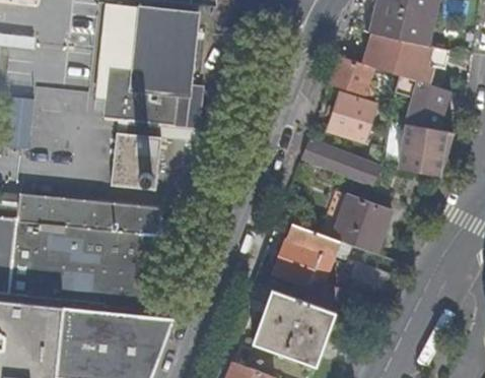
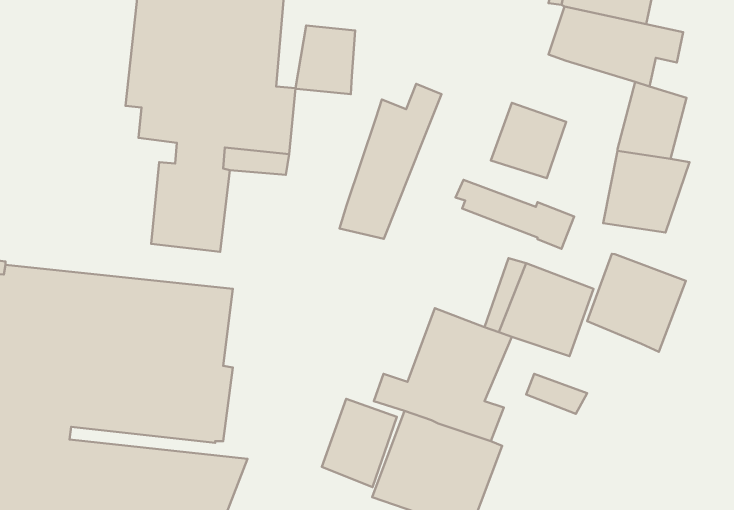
building: none -> [295,26,355,94]
building: [329,56,376,97] -> none
building: none -> [340,84,442,239]
building: none -> [587,254,686,352]
building: none -> [322,399,397,487]

